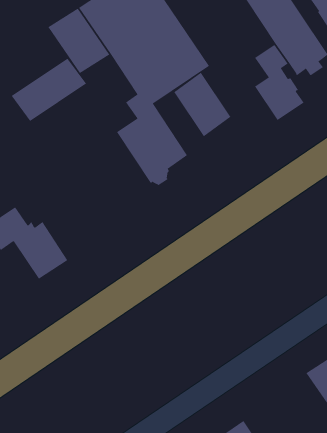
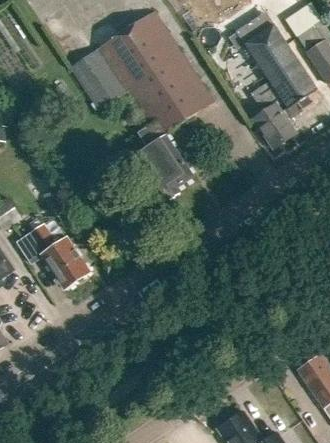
building: [11,58,87,122] -> none
building: [174,72,231,137] -> none

